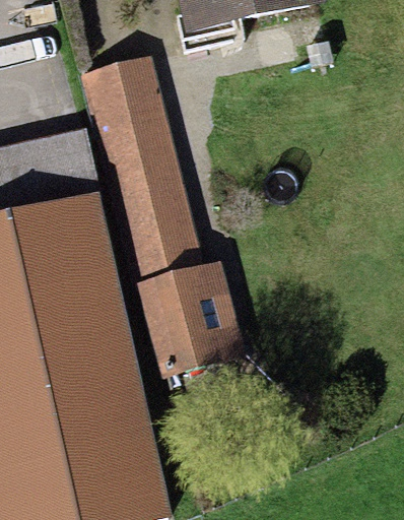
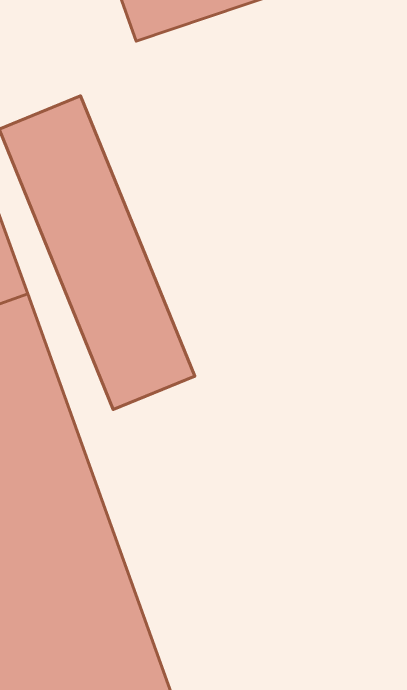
building: [145,274,250,386] -> none

